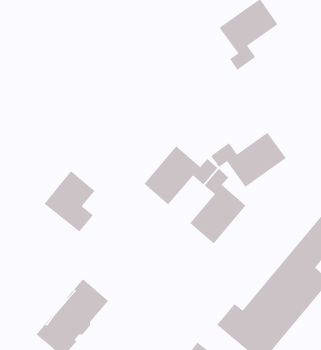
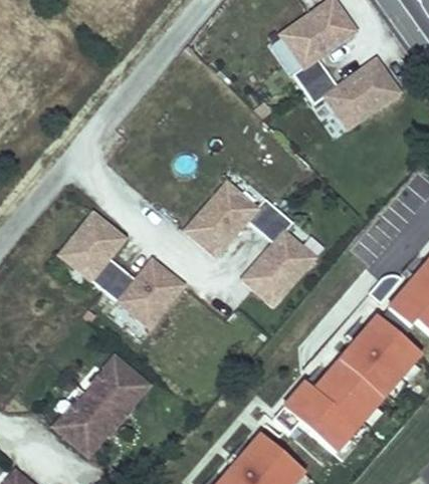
building: [210,132,287,188] -> [305,60,402,131]
building: none -> [108,262,187,329]

